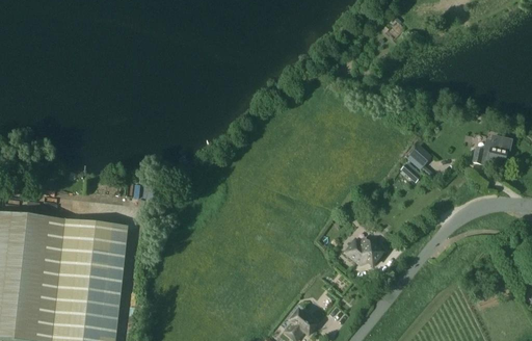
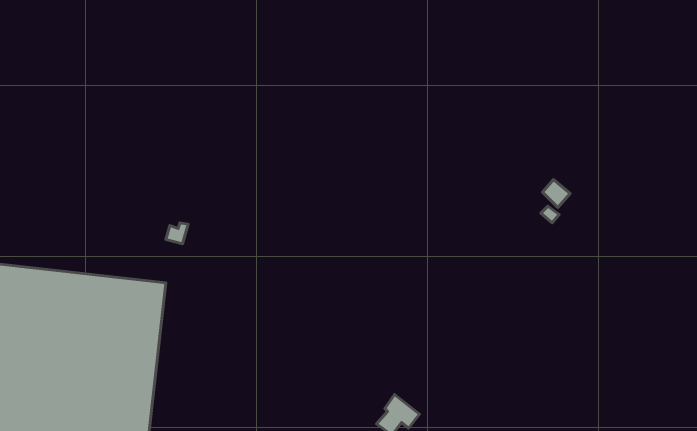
building: [471,135,507,162] -> none
building: [344,237,382,264] -> none

